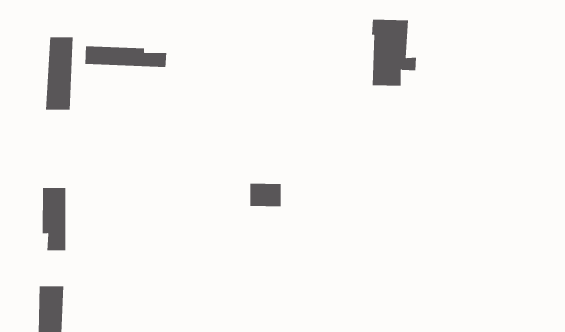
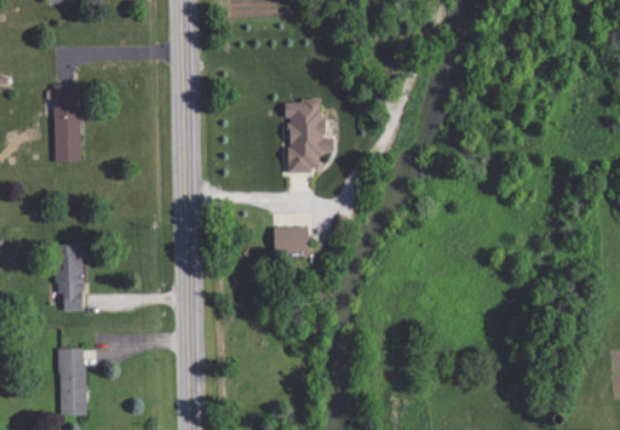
building: [371,19,417,86] -> [286,101,335,172]
building: [85,46,167,68] -> none

